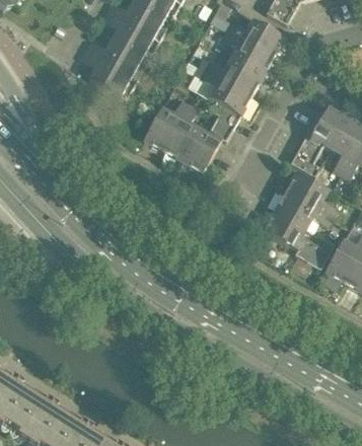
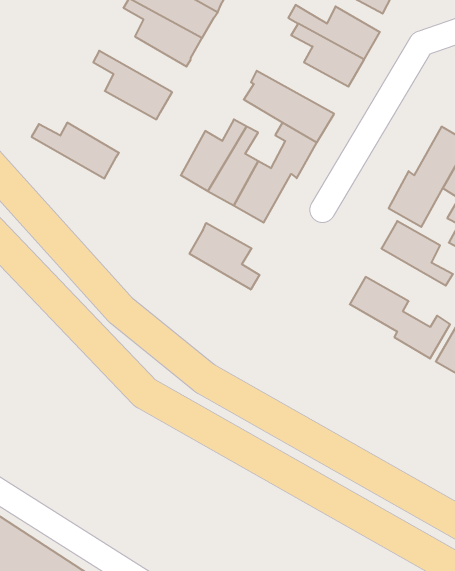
building: [86,40,148,79] -> [32,123,119,178]
building: [198,56,263,94] -> none
building: none -> [190,223,259,290]
building: [275,190,332,227] -> none

